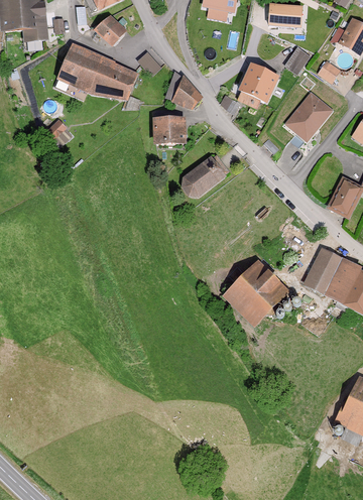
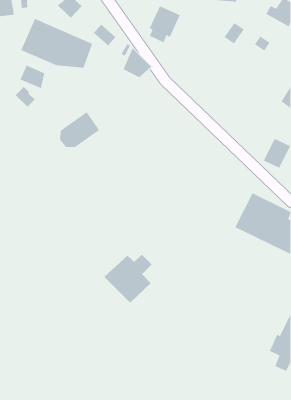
building: [240,64,276,107] -> [149,5,181,43]
building: [283,92,332,142] -> none
building: none -> [20,64,45,89]
building: [156,117,186,141] -> none
building: [179,156,226,198] -> [59,111,100,148]
building: [226,266,281,323] -> [104,254,152,304]

